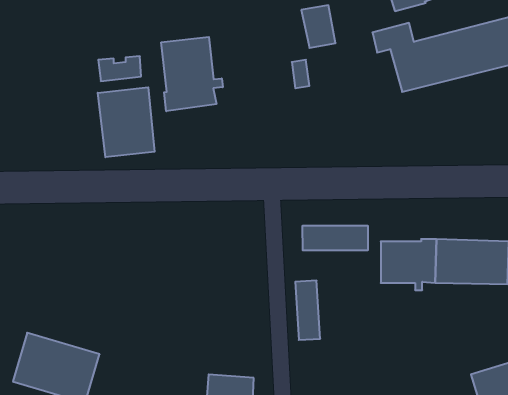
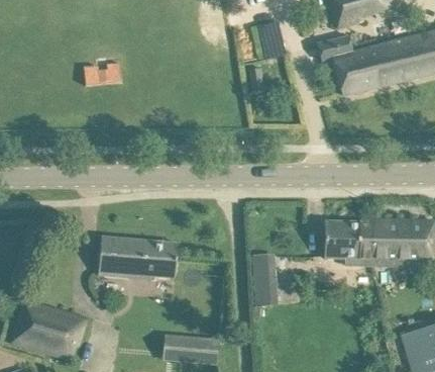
building: [161,37,223,111] -> none
building: [98,87,155,157] -> none
building: [303,226,368,250] -> none
building: none -> [99,238,178,278]

